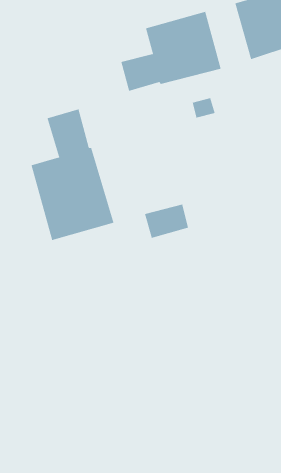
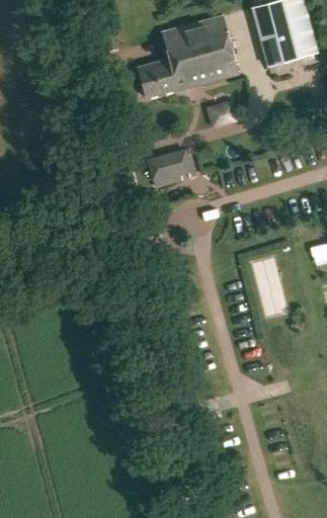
building: [31,108,114,241] -> none
building: [144,204,189,239] -> [147,149,192,184]

